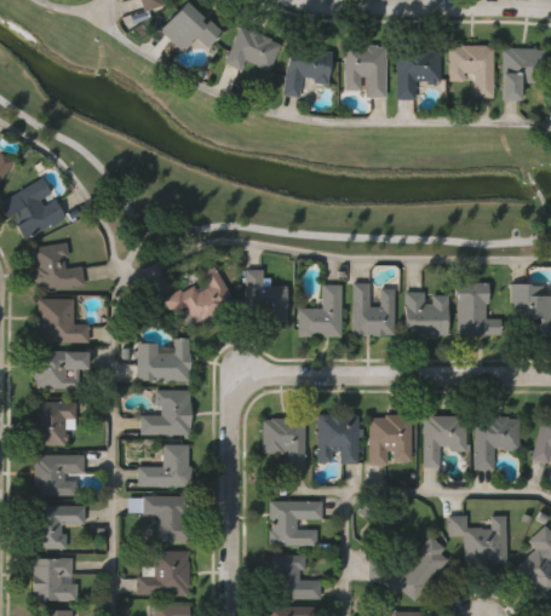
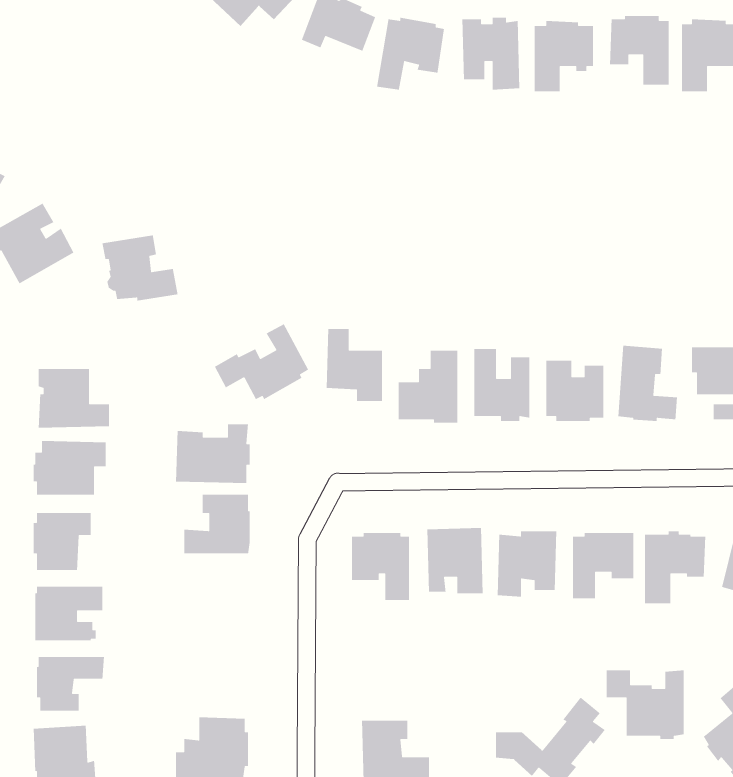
building: [30,242,86,290] -> [101,235,179,302]
building: [139,443,193,485] -> none
building: [128,495,189,541] -> none
building: [269,501,321,547] -> none

